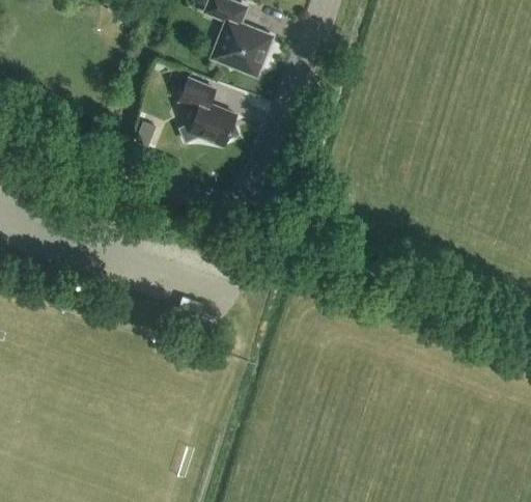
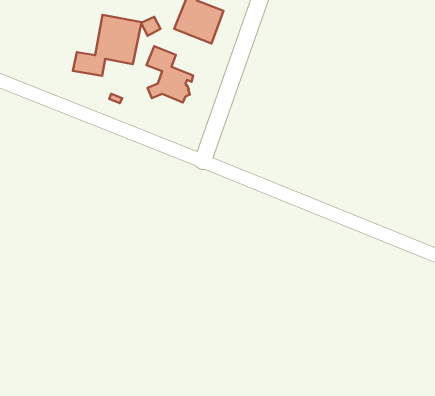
building: none -> [73,15,141,76]

